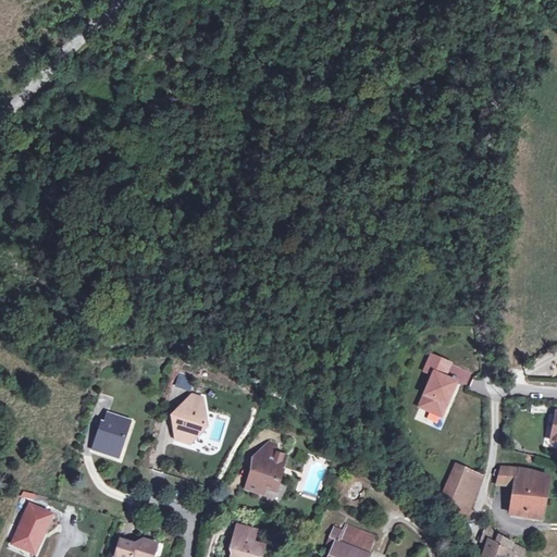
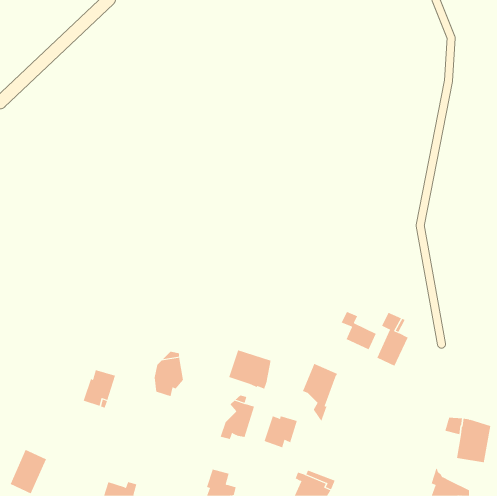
building: none -> [341,311,377,350]
building: none -> [229,350,271,389]
building: [442,465,482,531] -> [302,363,338,422]
building: none -> [264,416,297,448]

